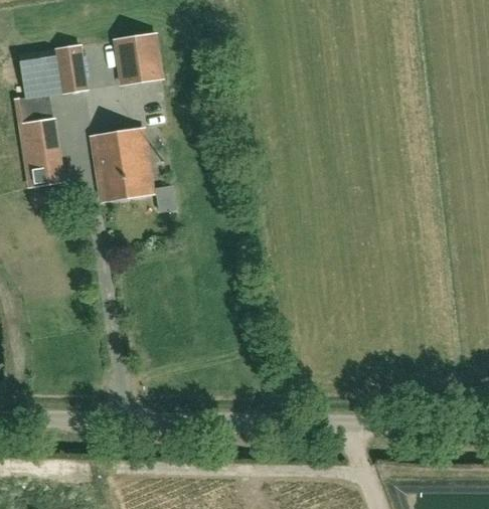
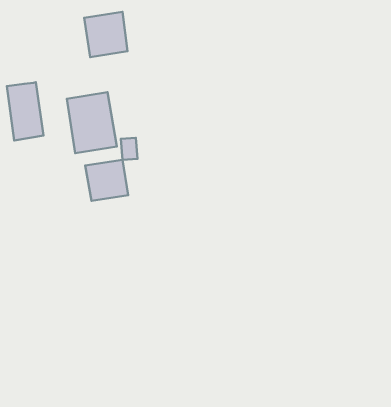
building: [16,43,89,121] -> none
building: none -> [85,160,128,201]

